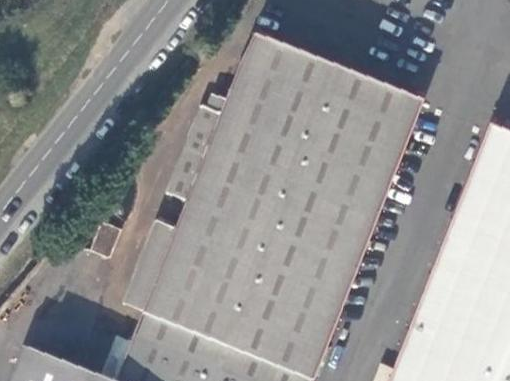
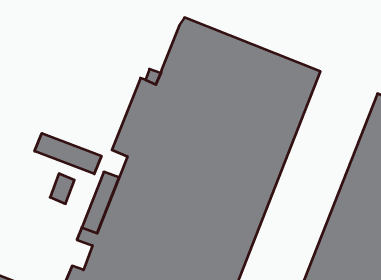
building: none -> [35,133,101,174]

